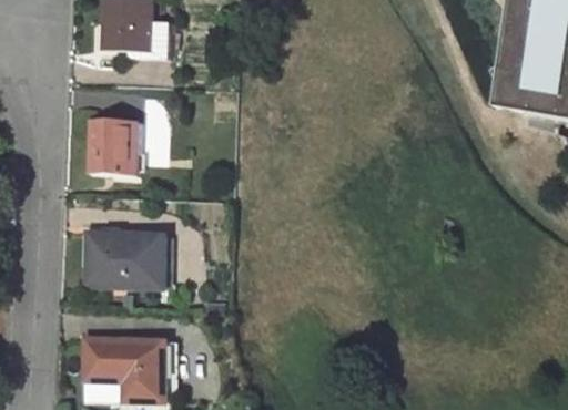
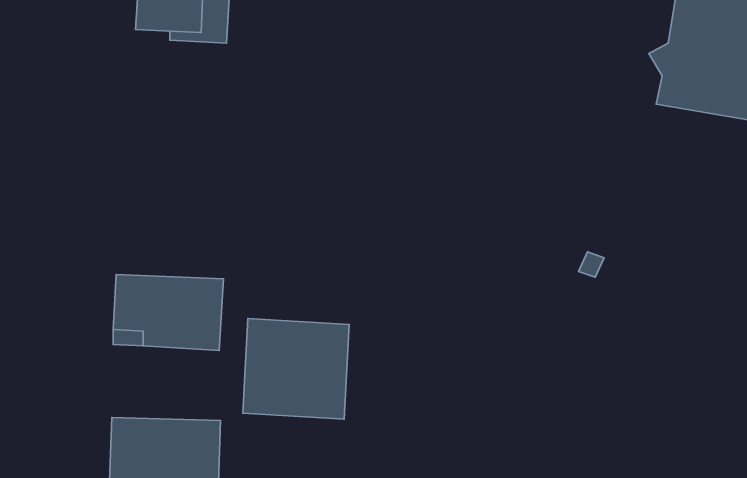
building: [88,117,138,174] -> none
building: none -> [243,319,349,419]

